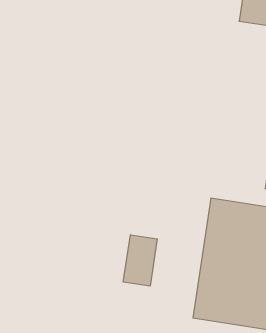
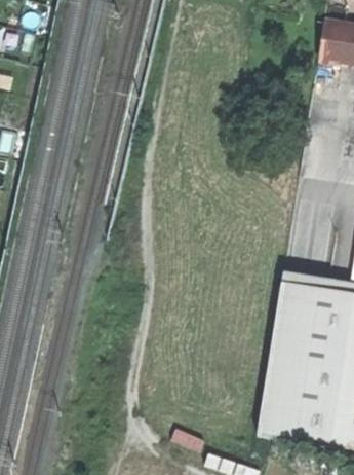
building: [123,235,157,286] -> none

